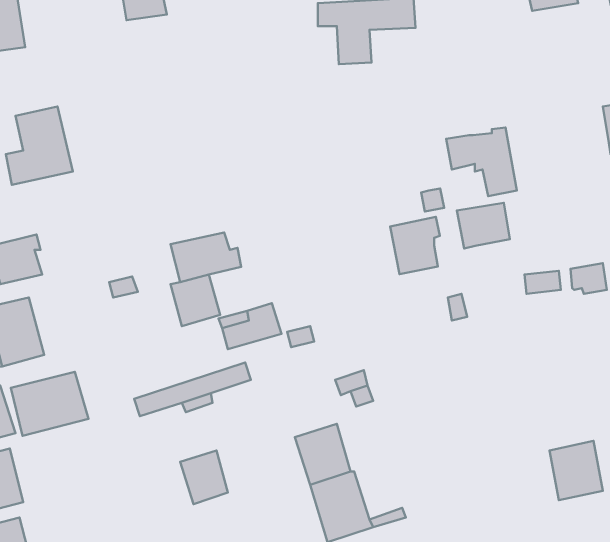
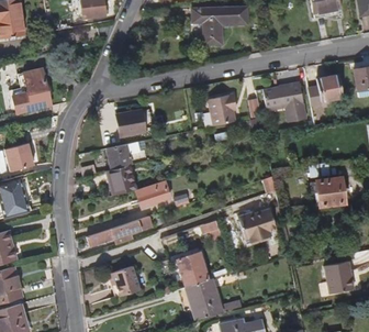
building: none -> [317,75,344,100]
building: none -> [118,110,146,135]
building: [457,203,510,248] -> none
building: [390,217,440,274] -> [208,92,236,125]
building: none -> [313,179,345,206]
building: none -> [239,209,277,243]
building: [11,372,88,436] -> none

